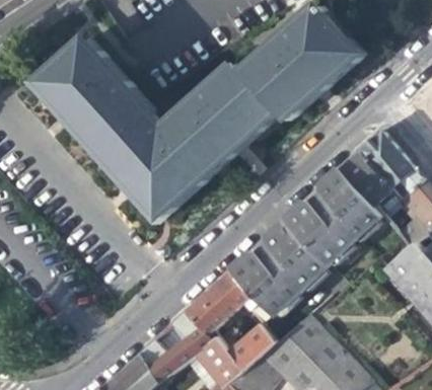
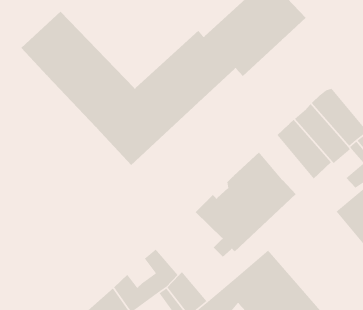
building: [301,184,362,250] -> none
building: [186,270,260,340] -> none
building: [227,323,277,370] -> none

